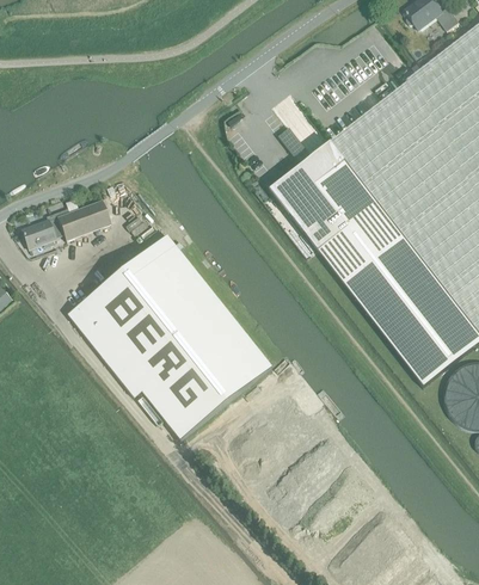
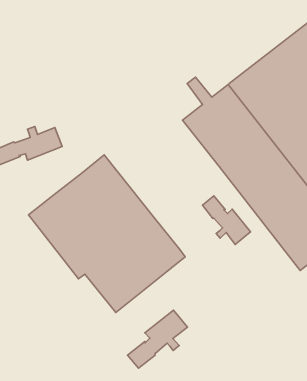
building: none -> [202,196,250,244]
building: none -> [128,310,188,368]

